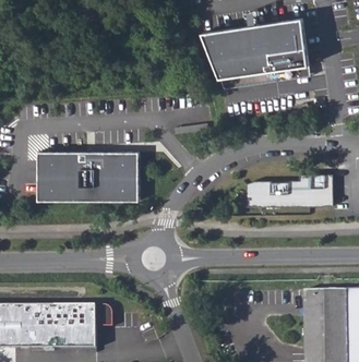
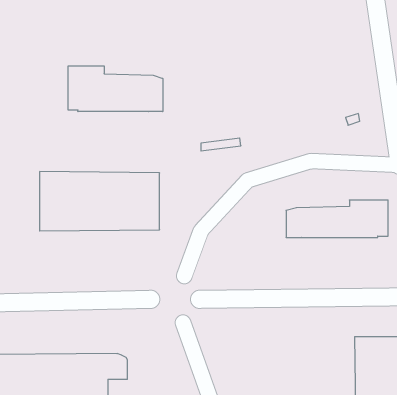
building: [203,17,310,88] -> none
building: none -> [68,66,163,112]

